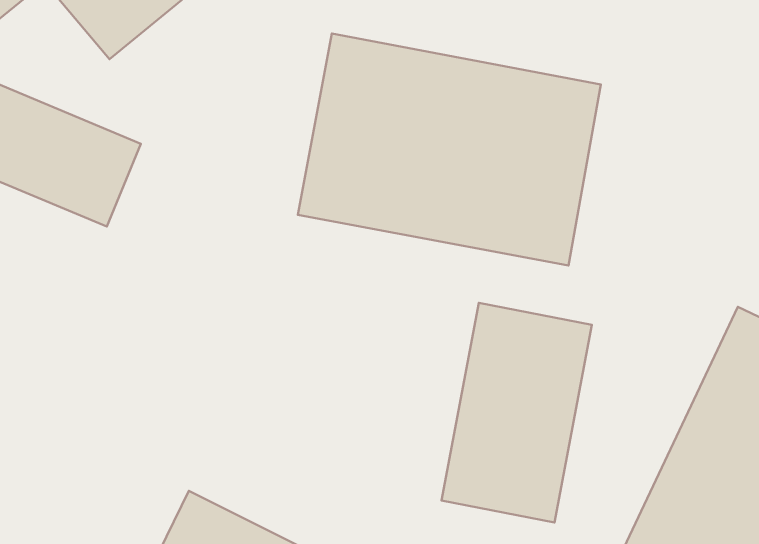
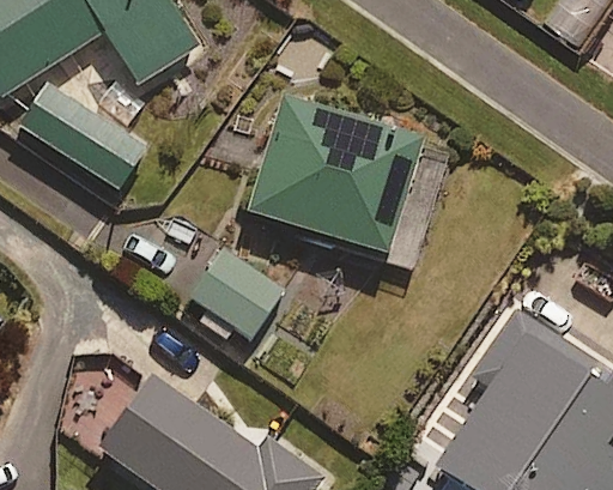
building: none -> [180,246,285,340]
building: [442,303,592,522] -> none

